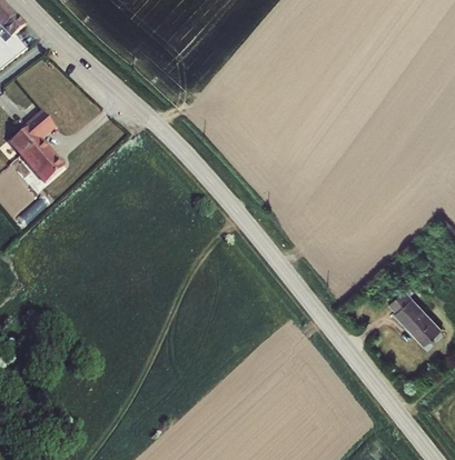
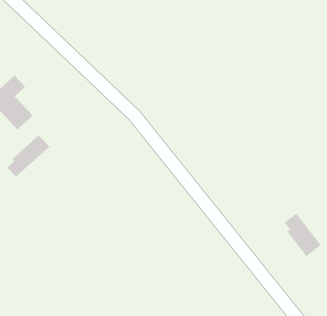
building: none -> [6,134,50,178]

